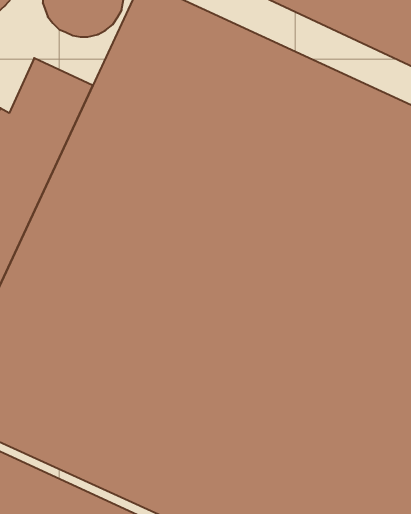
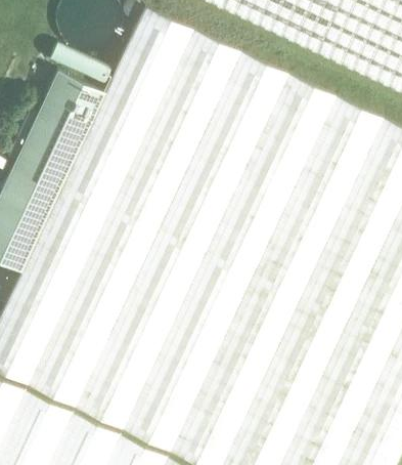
building: none -> [49,43,114,82]

